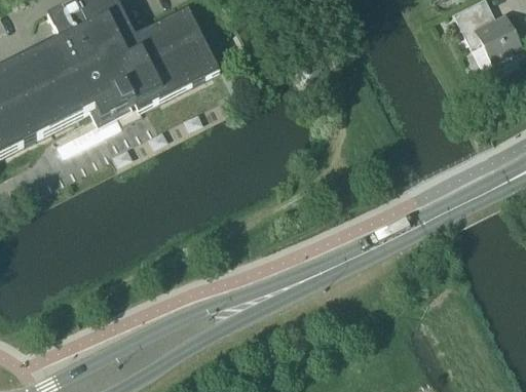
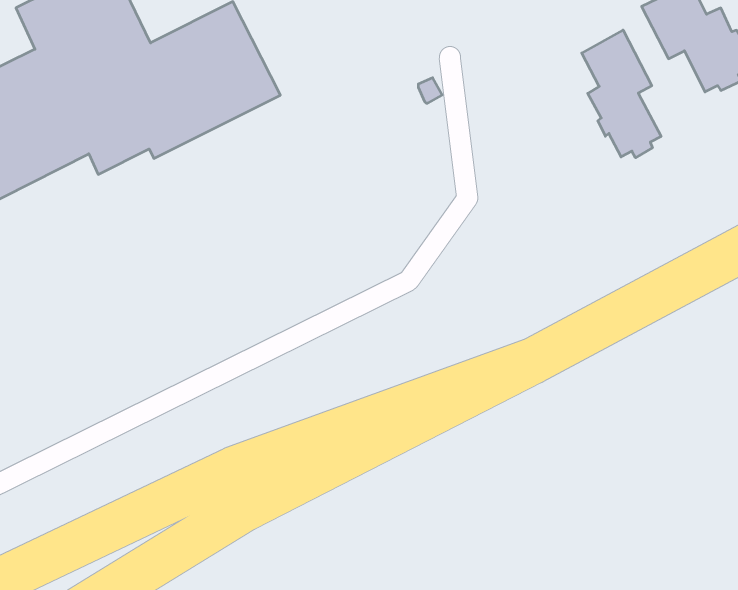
building: none -> [582,30,661,158]

